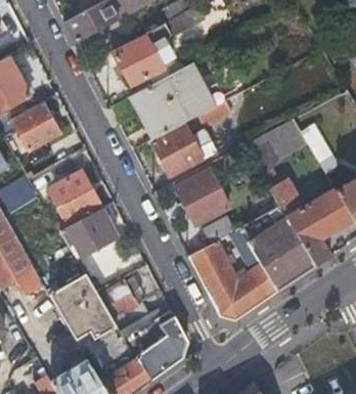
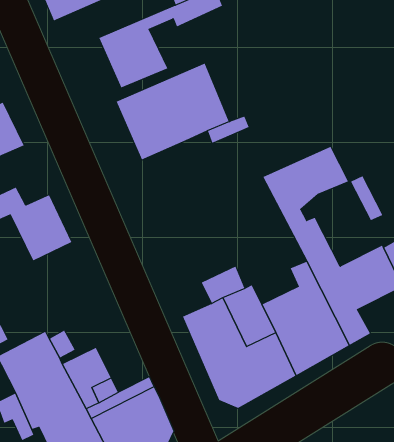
building: [149,122,210,175] -> none
building: [173,169,228,226] -> none
building: [59,209,118,257] -> none

